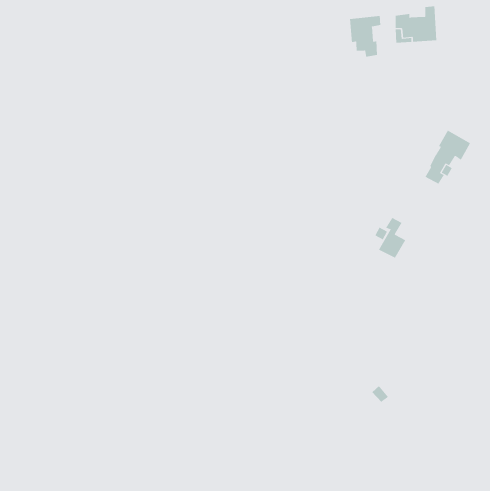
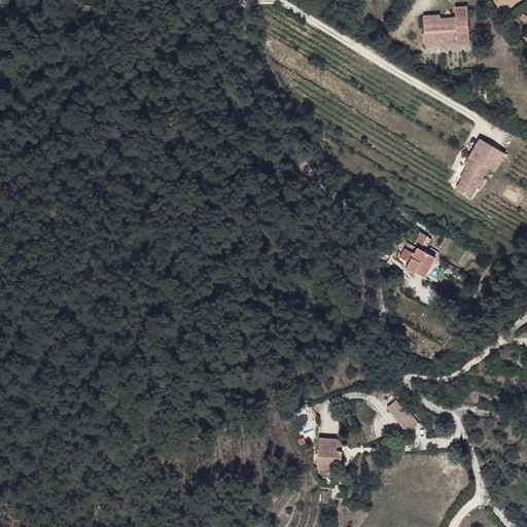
building: [350,15,381,58] -> none
building: none -> [316,436,340,467]

